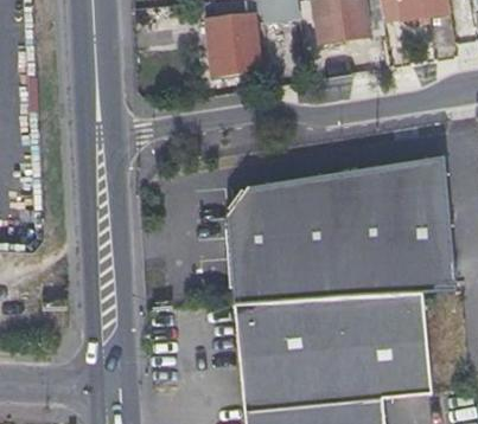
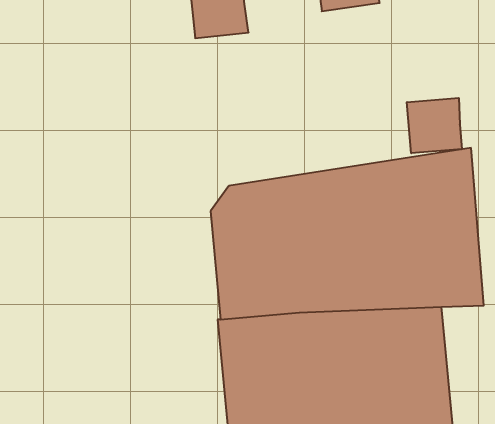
building: none -> [407,98,462,153]

